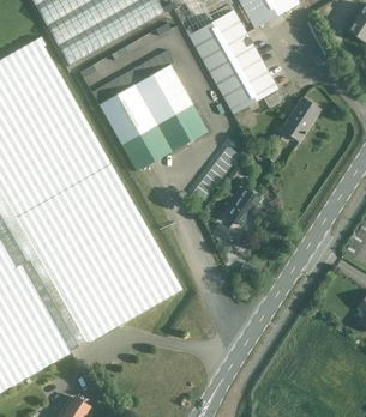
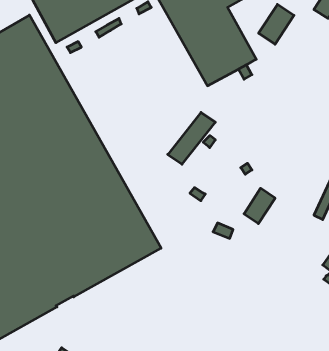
building: [91,49,208,170] -> none
building: [281,97,319,140] -> [259,4,294,44]
building: [226,187,259,225] -> [244,188,275,224]

